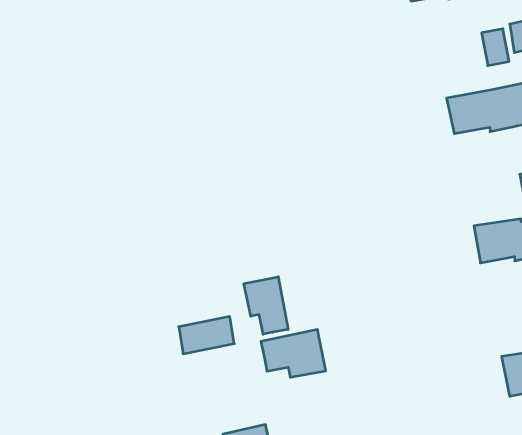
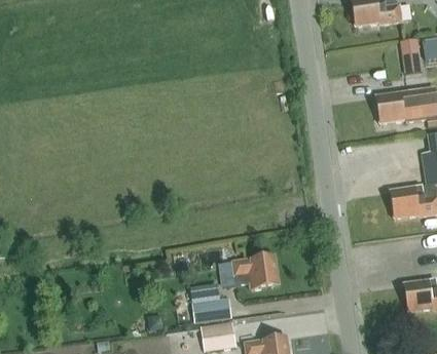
building: [244,277,288,334] -> none
building: [179,317,234,354] -> [192,297,231,321]

